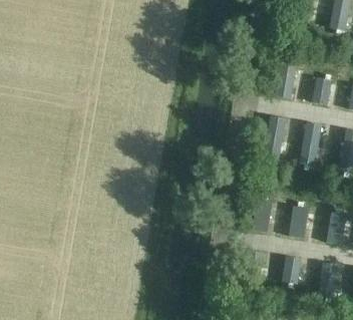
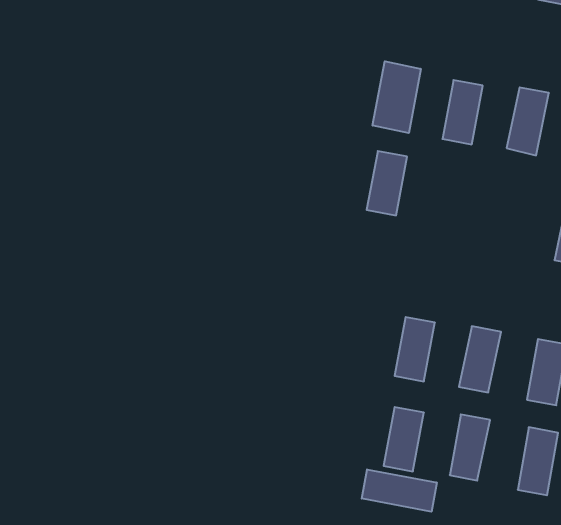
building: none -> [373,61,421,133]
building: [267,120,289,155] -> [367,151,407,215]
building: [303,125,325,162] -> none
building: none -> [362,469,437,512]

